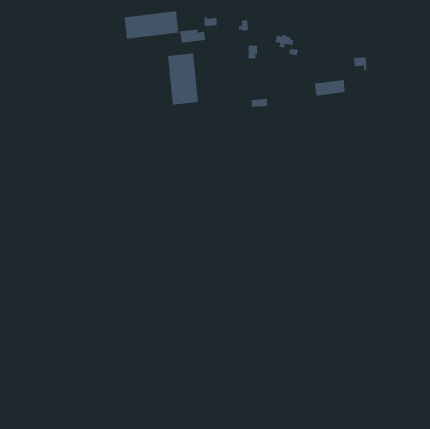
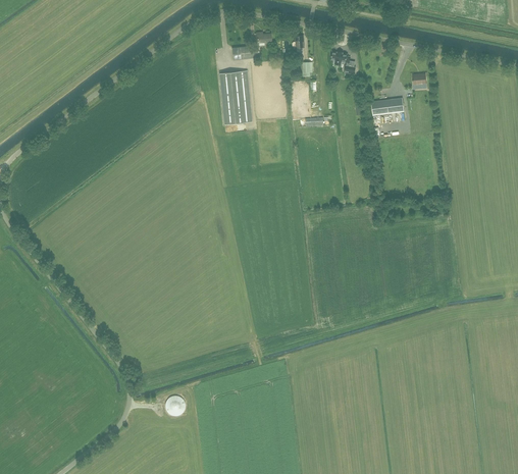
building: [124,11,179,39] -> none

